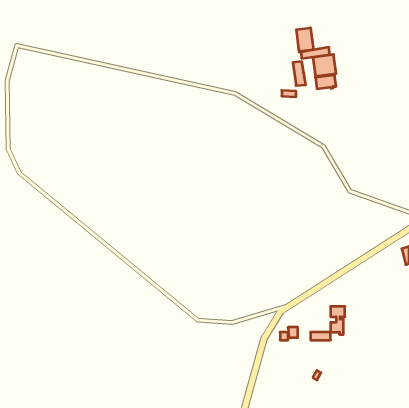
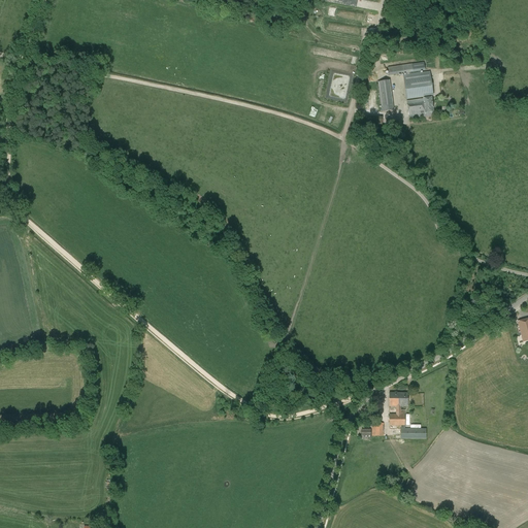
building: [296,28,314,52] -> none
building: [331,306,345,334] -> [389,392,407,428]

